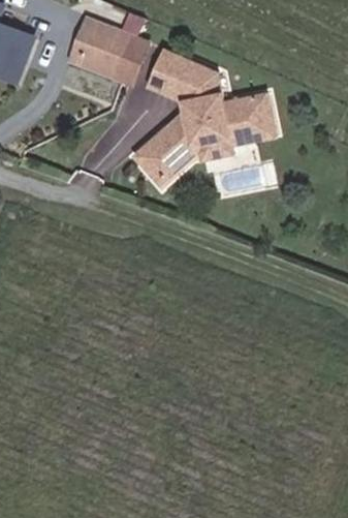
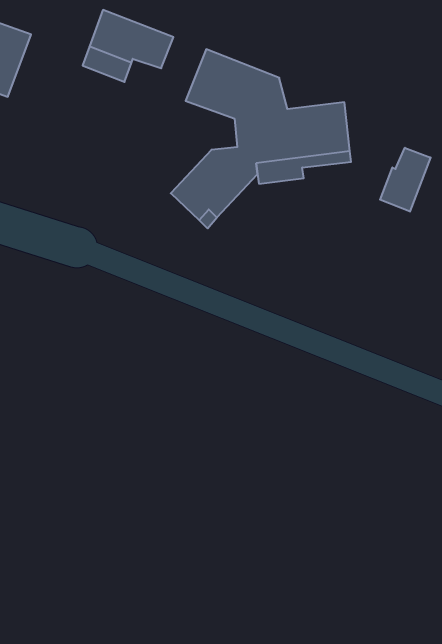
building: [100,39,147,85] -> none
building: none -> [380,148,431,212]

